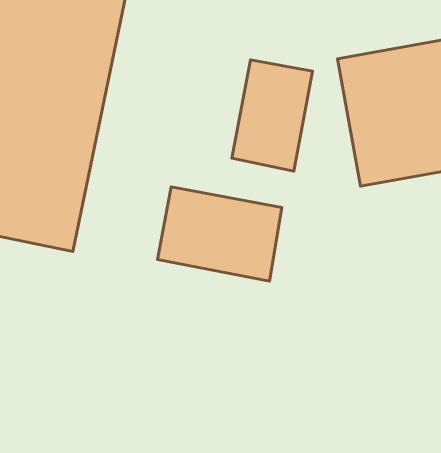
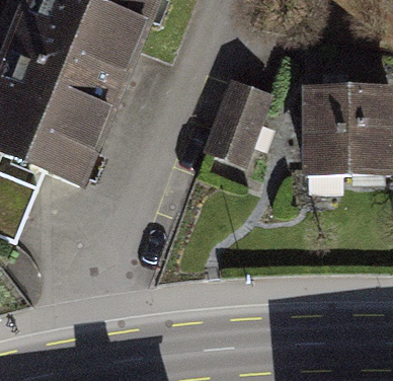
building: [157,187,282,281] -> none

